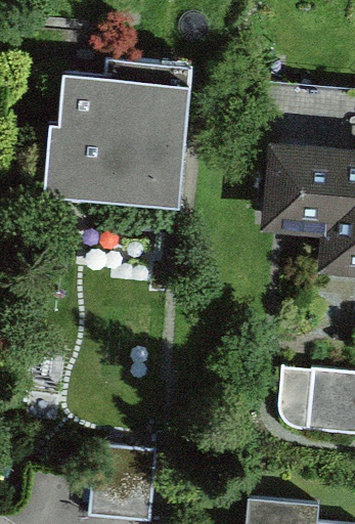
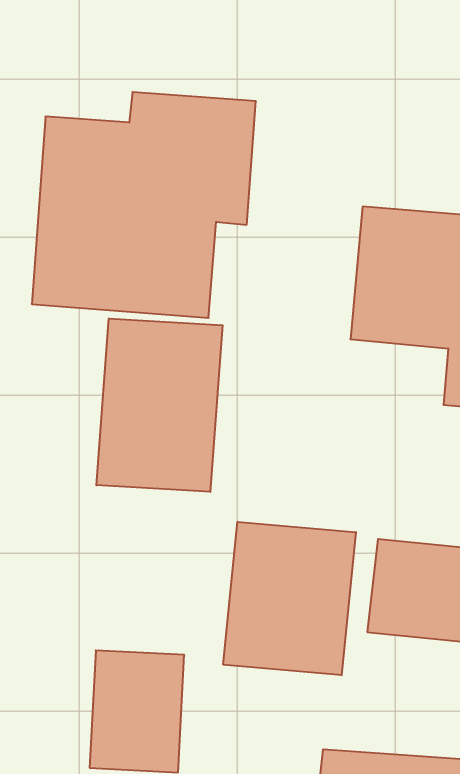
building: none -> [96,318,223,492]
building: none -> [223,522,356,675]

